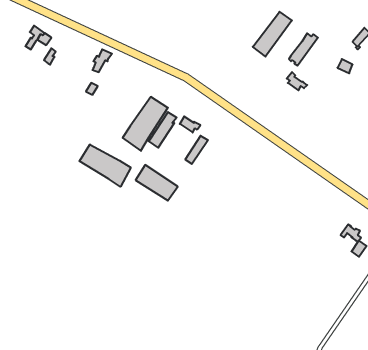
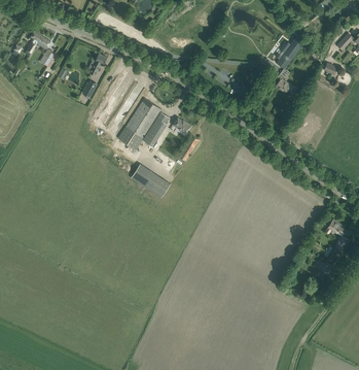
building: [253,12,292,57] -> none
building: [79,144,131,187] -> none

